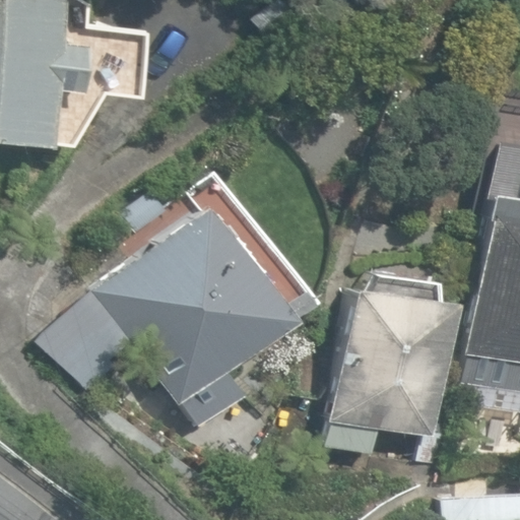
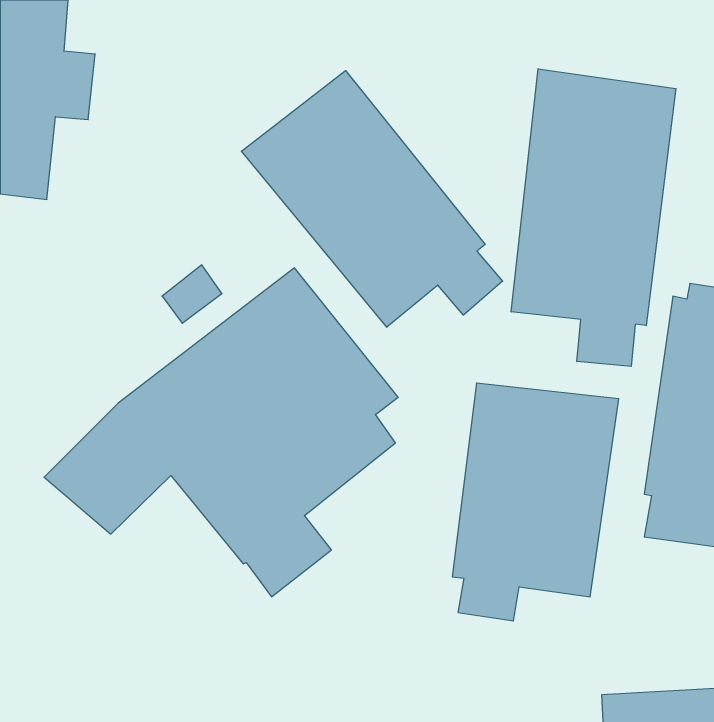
building: none -> [511,69,676,366]
building: none -> [241,71,503,327]

